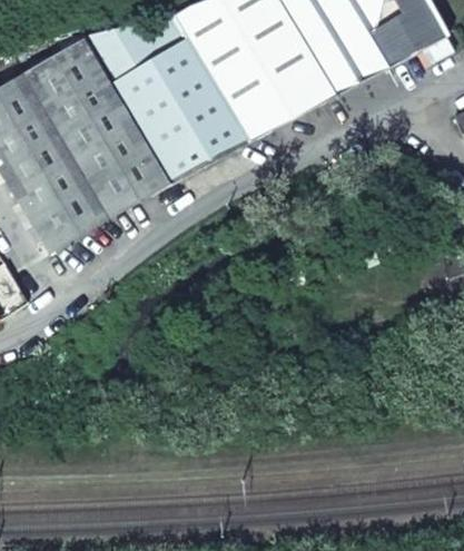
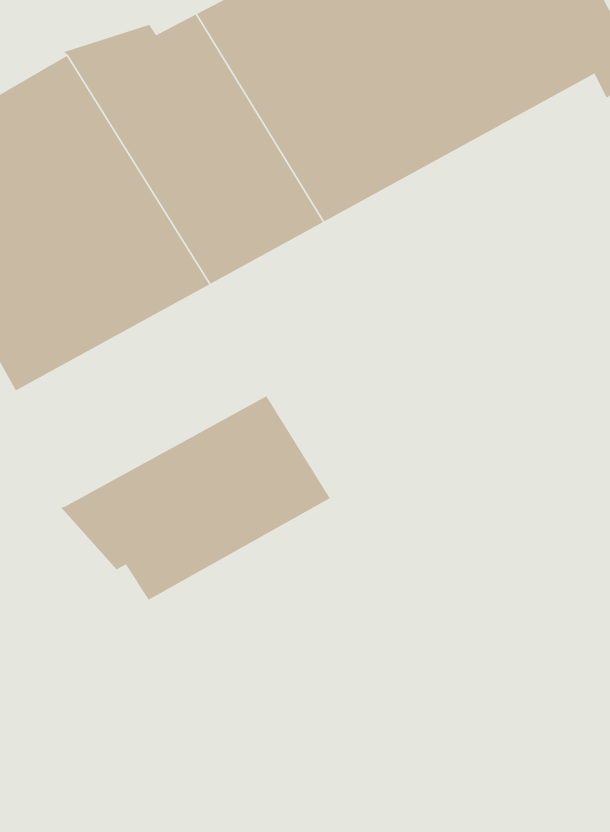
building: none -> [60,396,330,600]

